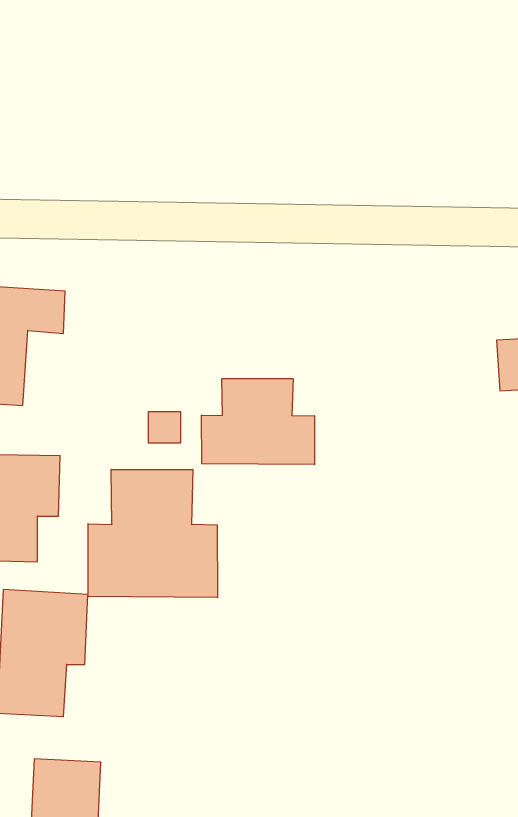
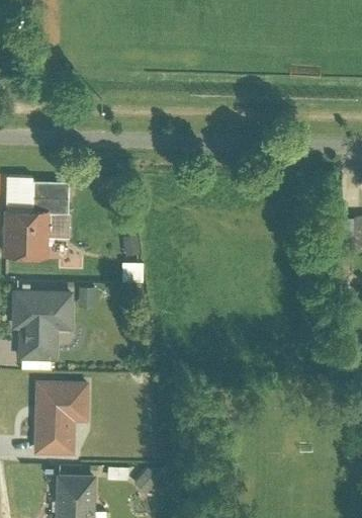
building: [202,379,315,465] -> none
building: [88,469,217,598] -> none

